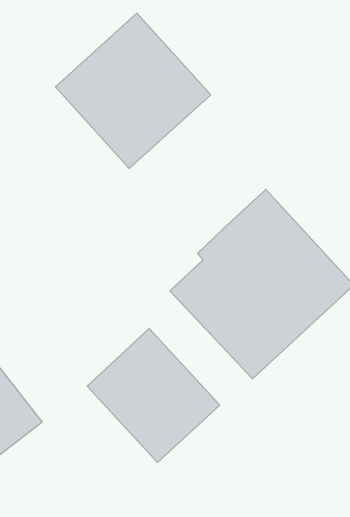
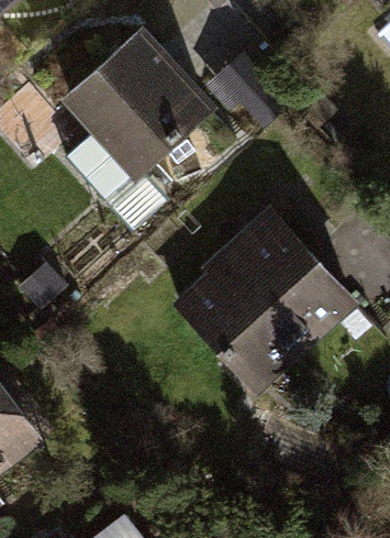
building: [87,329,220,462] -> none

